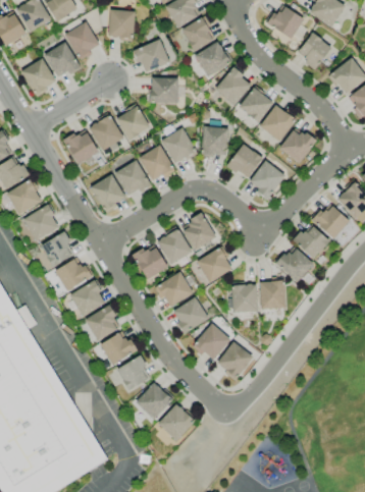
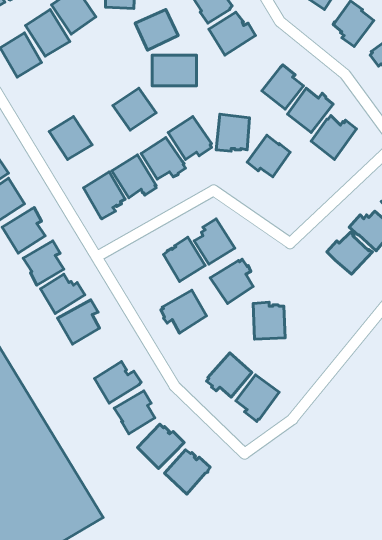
building: [215,67,251,105] -> none
building: [88,114,124,152] -> none
building: [250,161,285,200] -> none
building: [132,249,168,280] -> none
building: [275,250,313,283] -> none
building: [260,277,285,310] -> none
building: [173,297,209,334] -> none
building: [85,304,119,341] -> none

